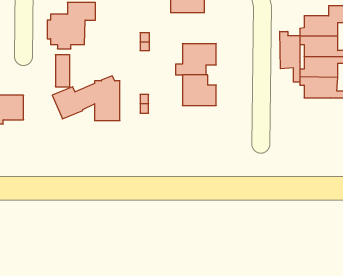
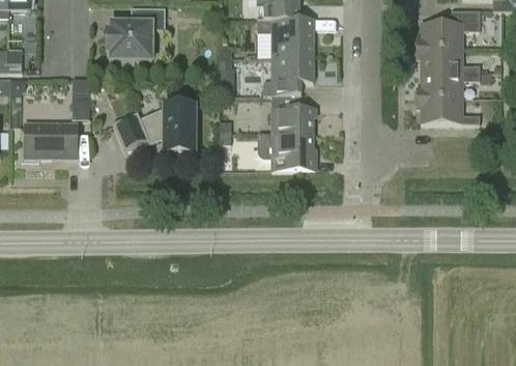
building: none -> [257,19,313,57]
building: [280,31,300,82] -> none
building: [55,55,70,87] -> [71,77,89,116]
building: none -> [257,133,315,168]

